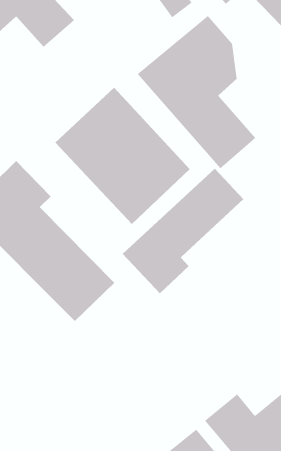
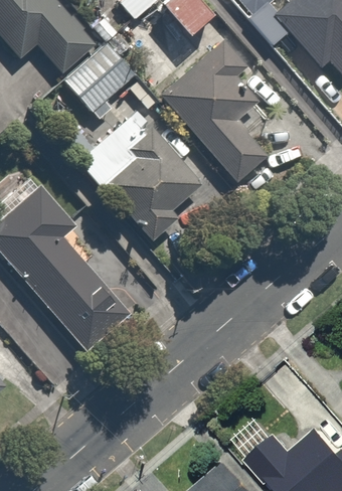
building: none -> [62,46,132,114]
building: [122,168,244,294] -> none

